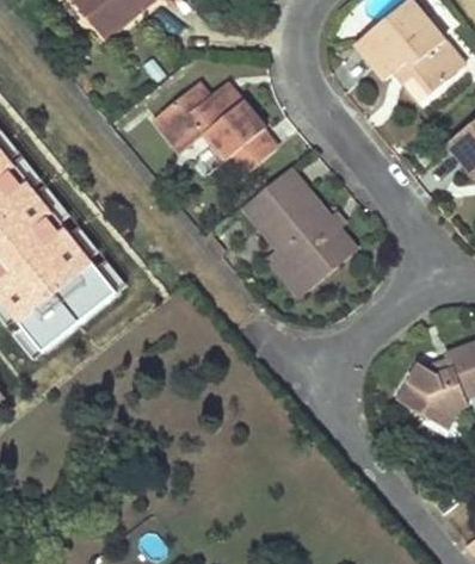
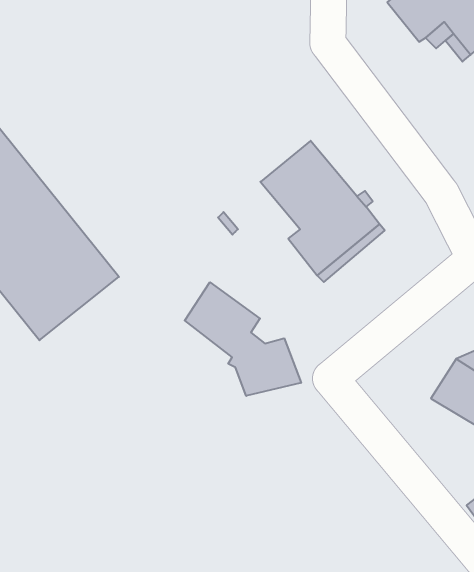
building: [154,82,278,176] -> none
building: none -> [185,282,301,396]

